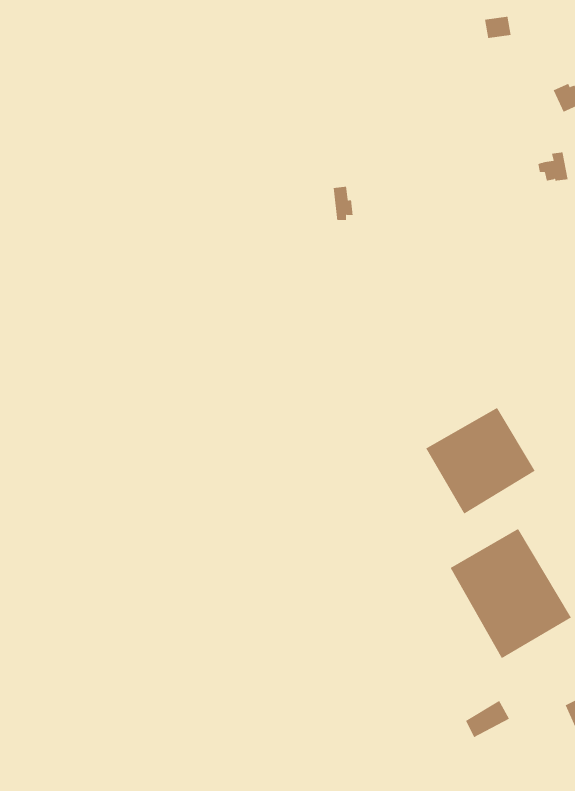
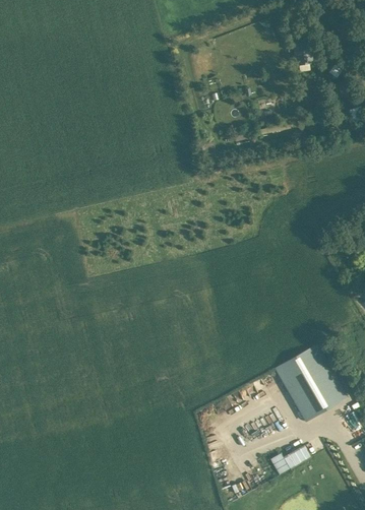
building: [425,407,535,515] -> none

